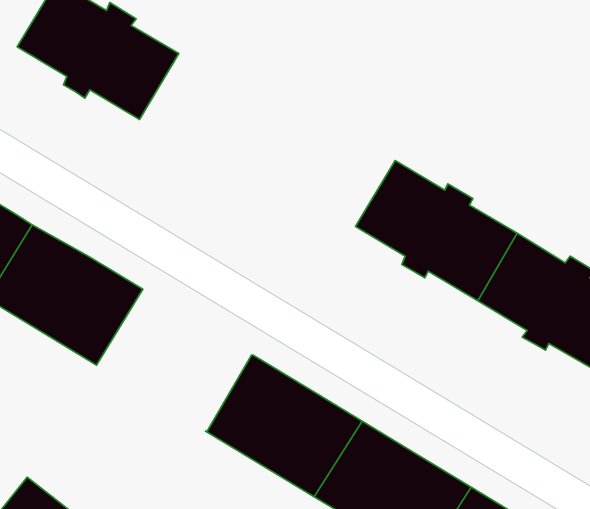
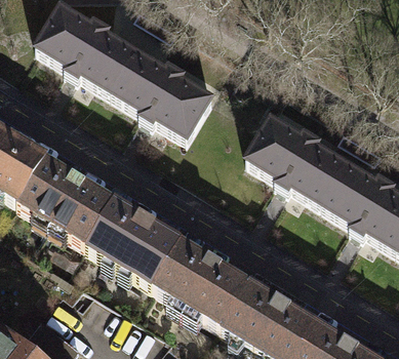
building: none -> [114,51,214,138]
building: none -> [87,198,184,286]

